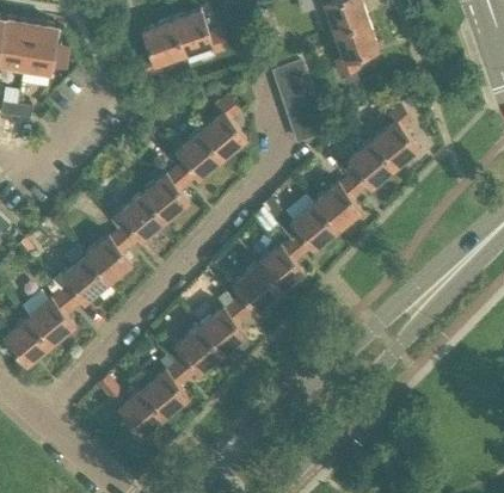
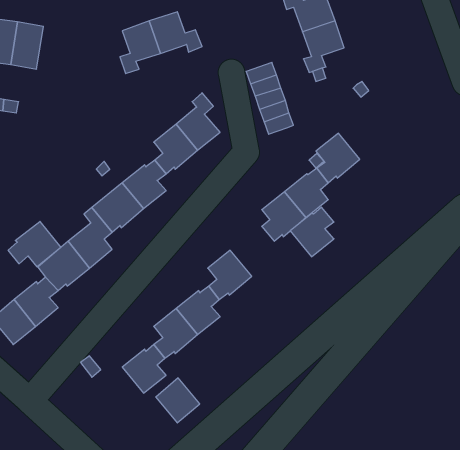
building: [371,109,418,170] -> none
building: none -> [8,221,61,267]
building: [257,241,303,294] -> [290,207,334,257]
building: [118,390,165,438] -> [156,378,200,423]

